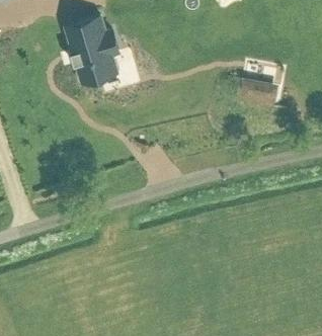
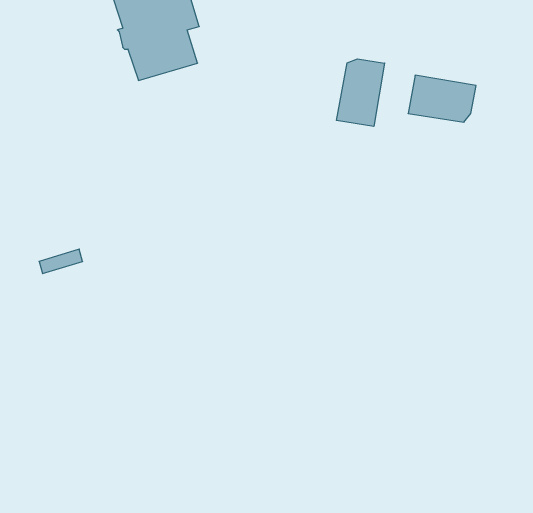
building: none -> [336,59,385,126]

